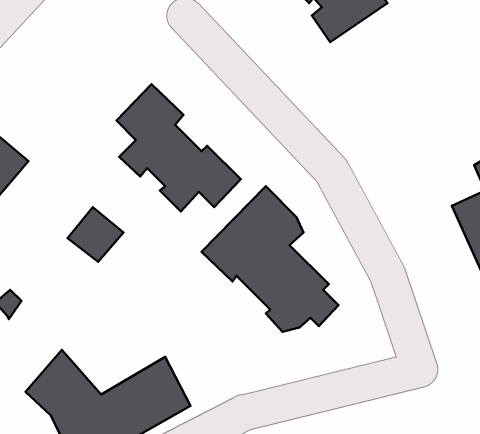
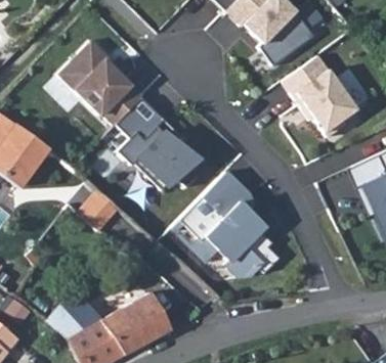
building: none -> [58,40,143,124]
building: none -> [284,56,356,137]

